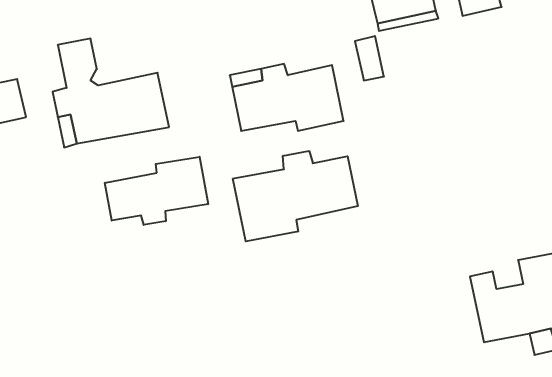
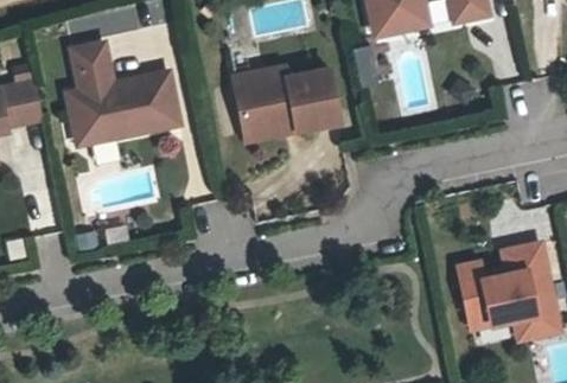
building: [233,151,358,241] -> none
building: [105,157,208,225] -> none

